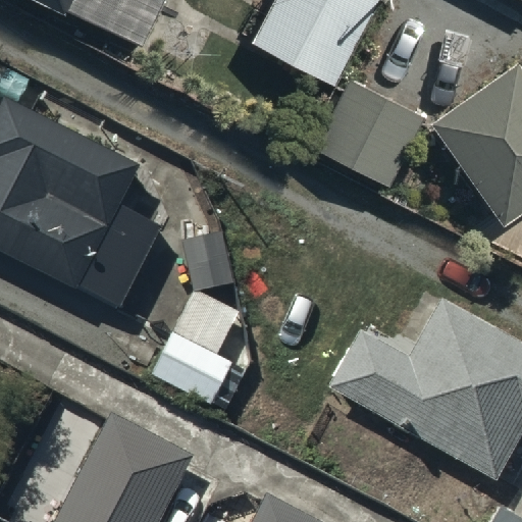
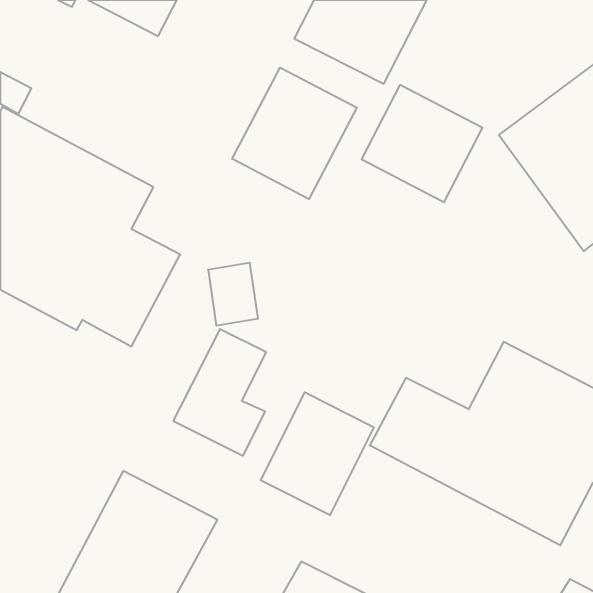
building: none -> [232,68,357,199]
building: none -> [261,392,374,515]

